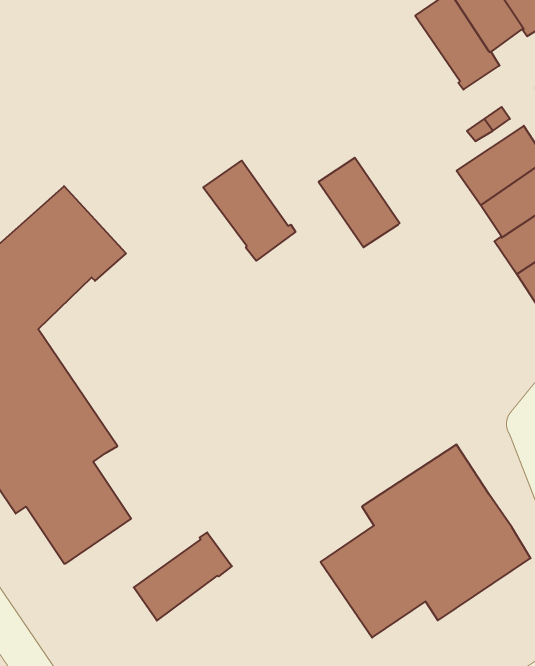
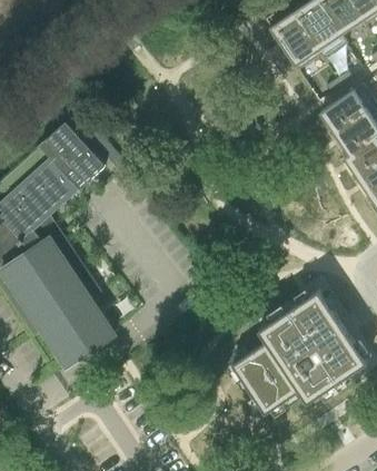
building: [319,158,400,247] -> [270,11,323,69]
building: [203,161,295,261] -> none
building: [134,532,232,621] -> none

